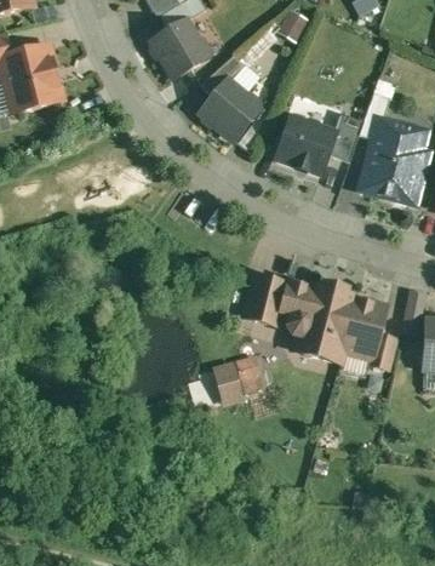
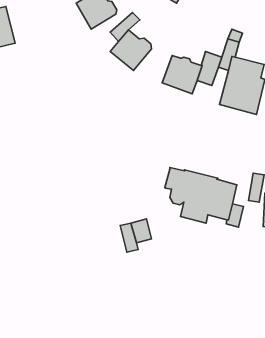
building: [244,276,287,326] -> none

